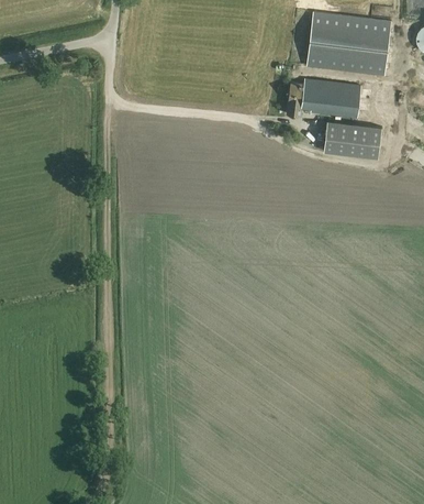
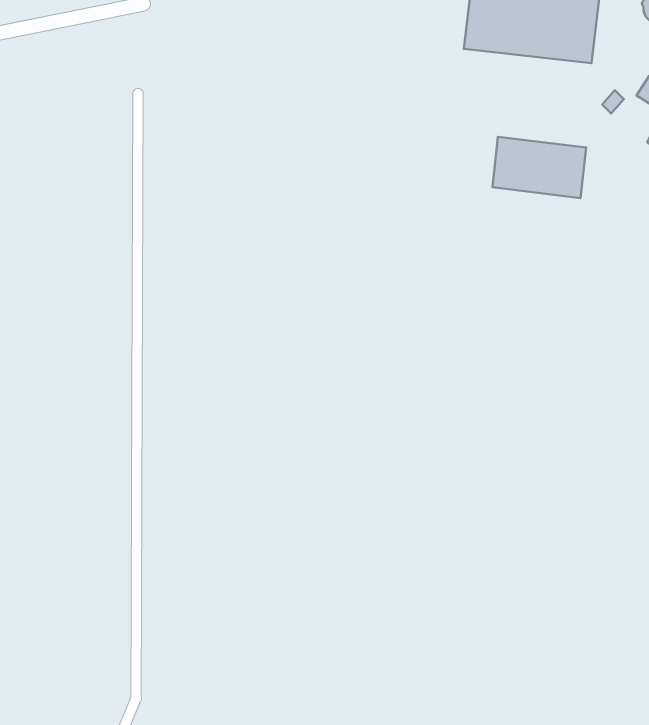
building: [287,80,360,118] -> none

